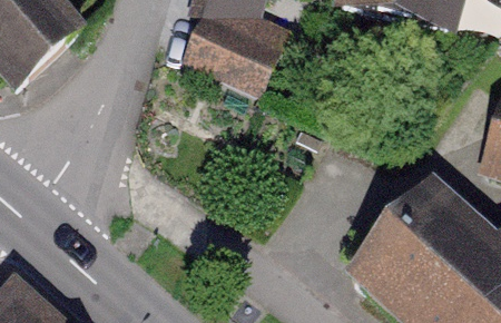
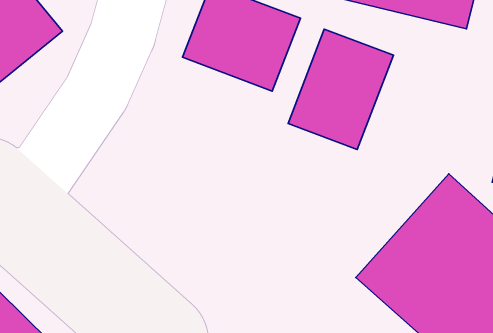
building: none -> [288,29,393,150]

